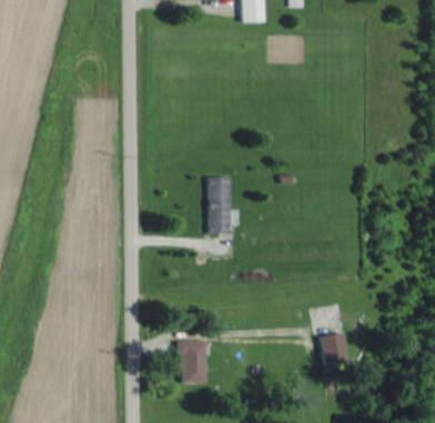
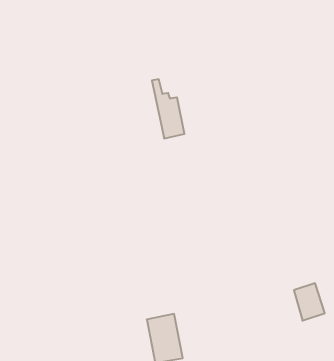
building: [209,178,231,234] -> [152,79,184,138]

